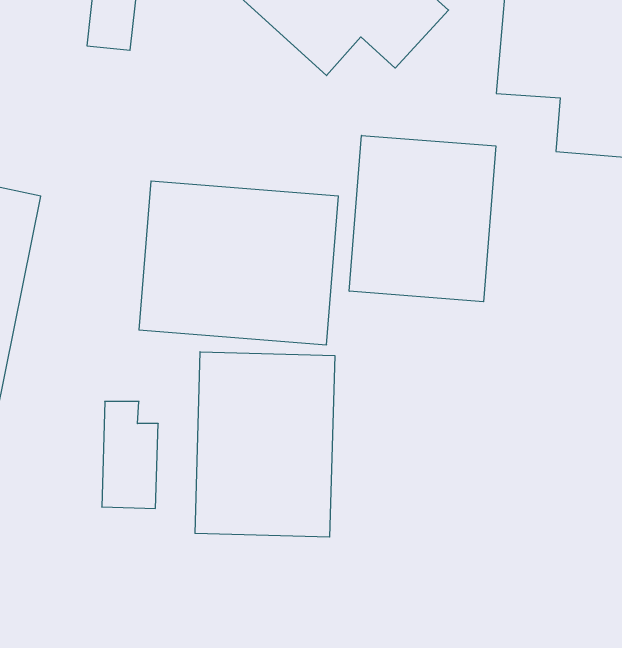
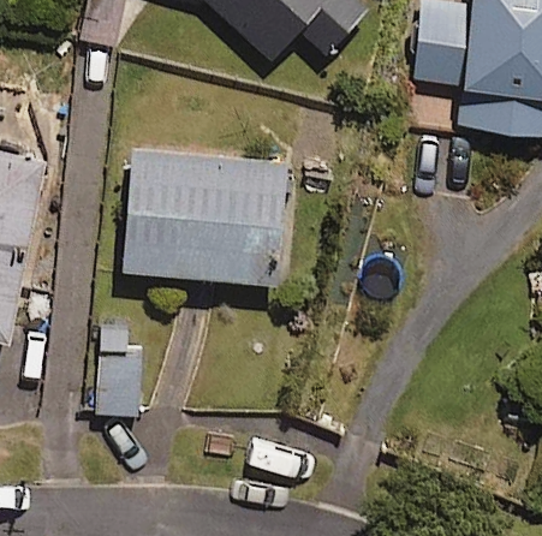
building: [349,135,496,302] -> none
building: [195,352,335,537] -> none

